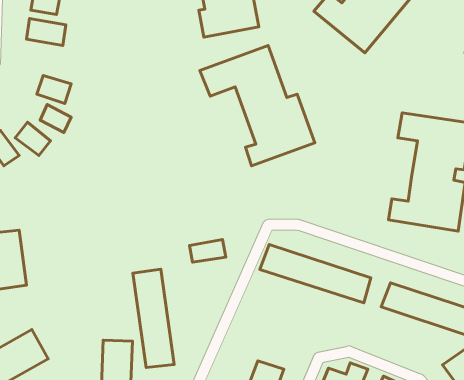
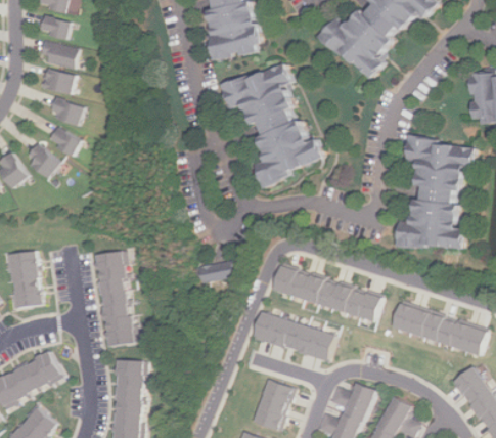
building: none -> [40,67,76,94]
building: [133,269,174,368] -> [93,250,134,347]
building: none -> [250,311,334,363]

